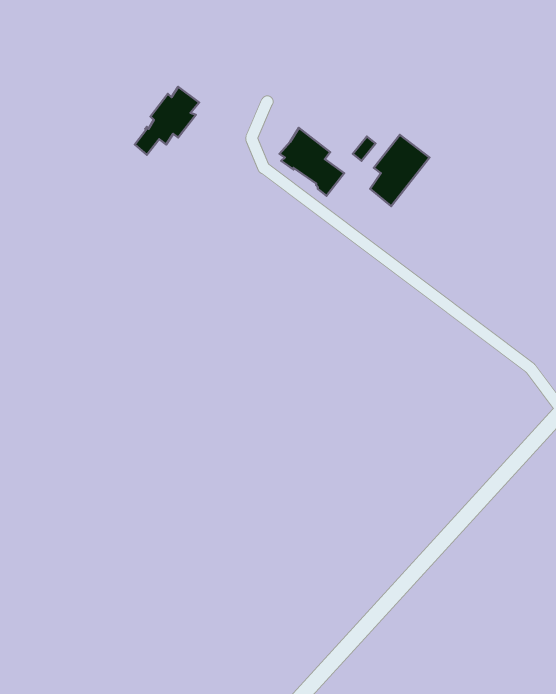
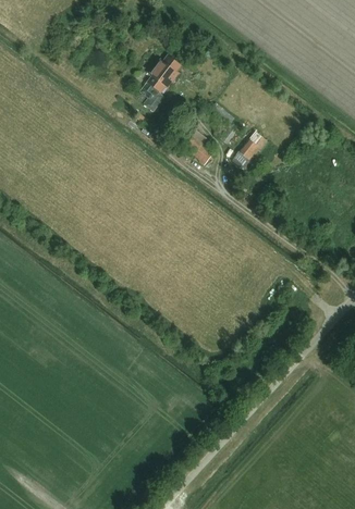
building: [135,87,199,155] -> [140,54,181,97]

